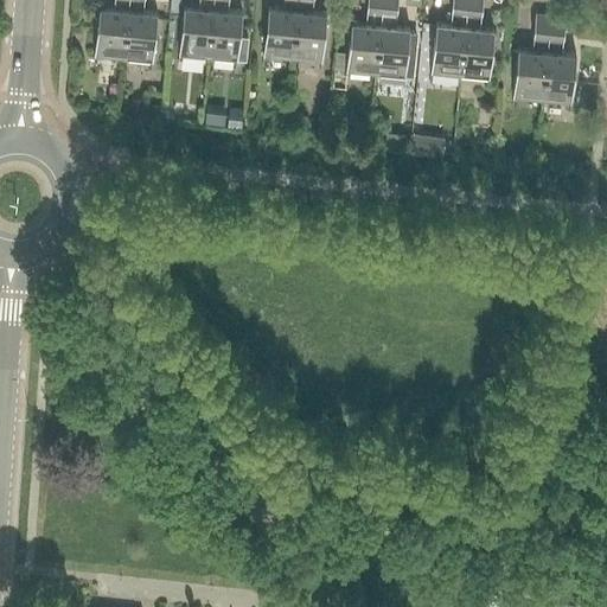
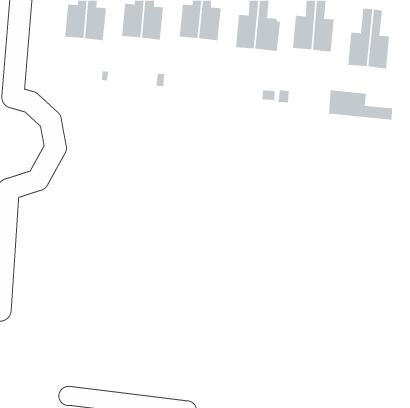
building: none -> [328,90,393,120]

